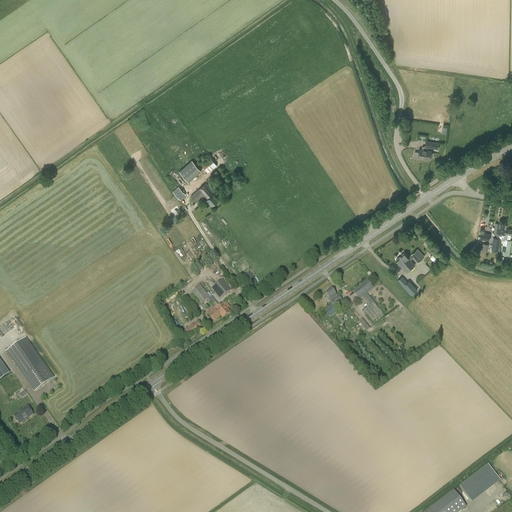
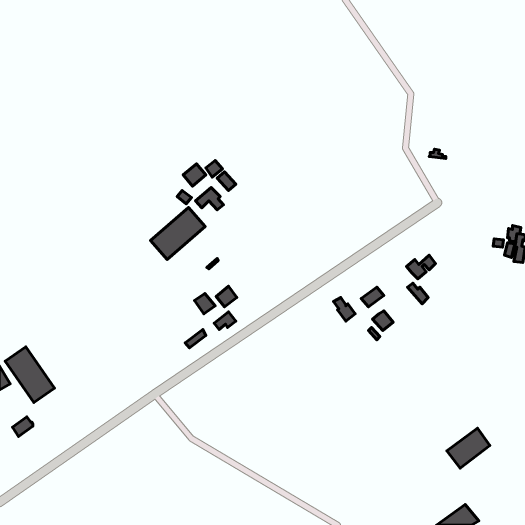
building: none -> [151,207,205,260]
building: [459,463,501,502] -> [447,428,490,468]

